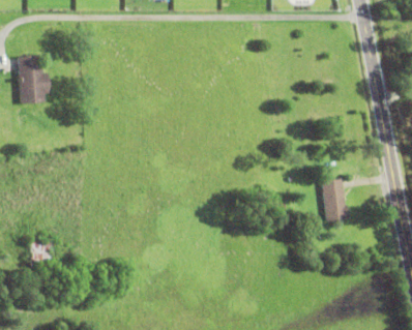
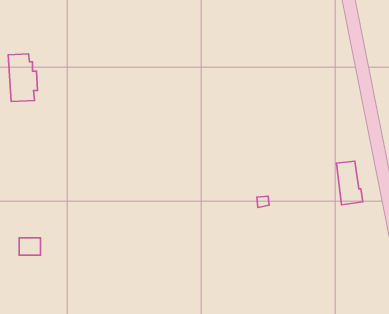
building: [324,181,351,226] -> [337,161,363,205]

